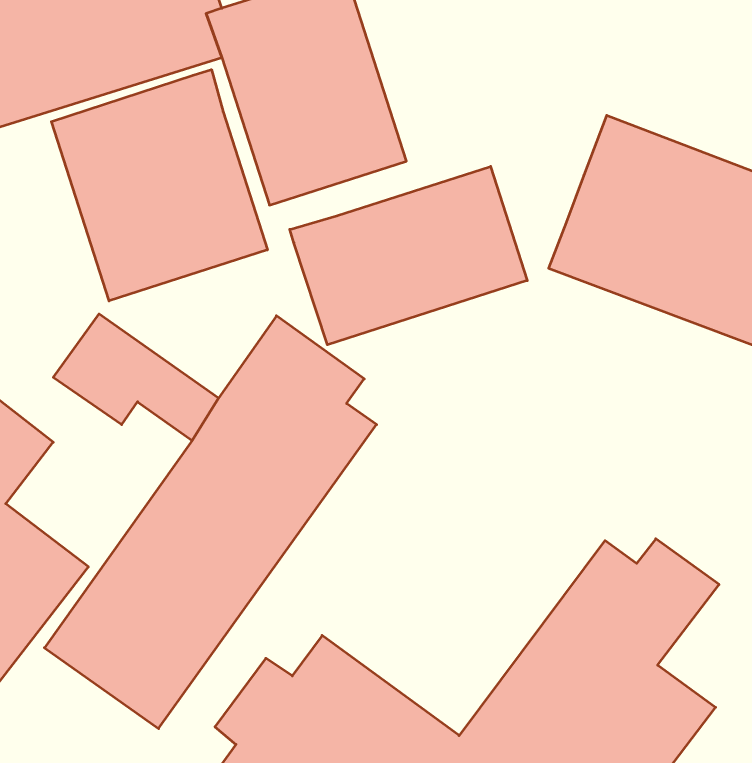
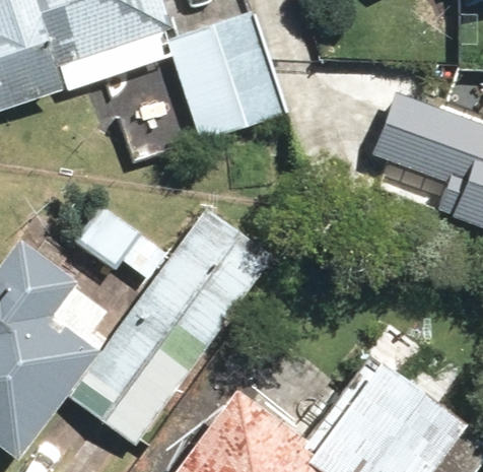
building: [51,70,267,301] -> none
building: [290,166,527,345] -> none

